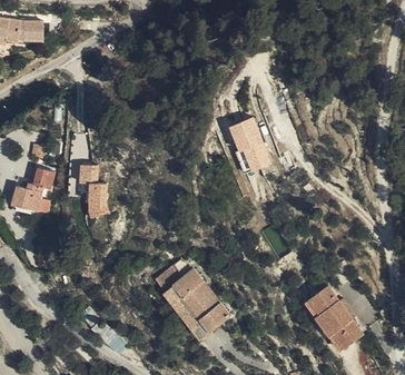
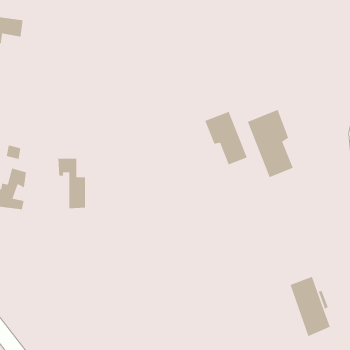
building: none -> [247,109,294,178]
building: [164,265,227,334] -> none

